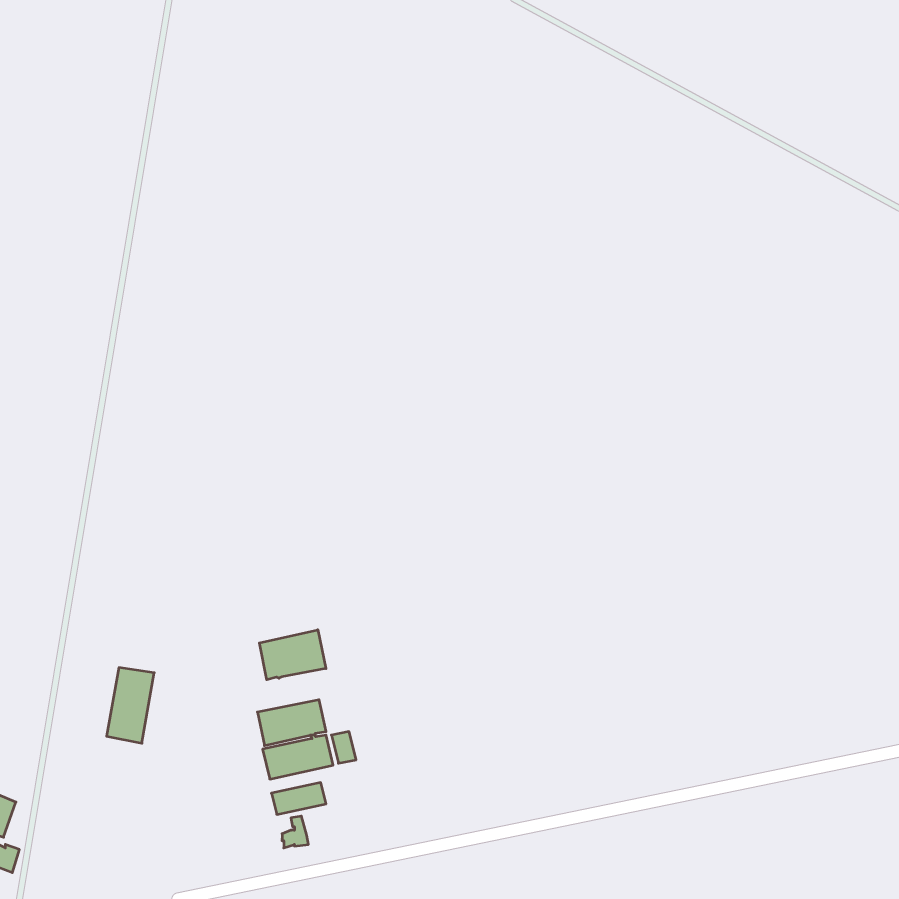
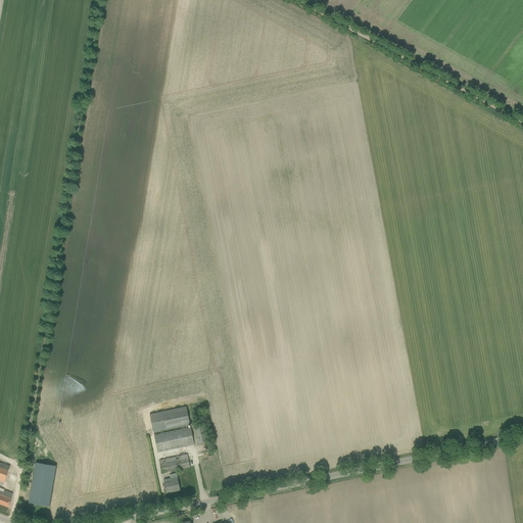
building: [259,630,326,680] -> none
building: [107,668,154,743] -> [28,462,55,506]

